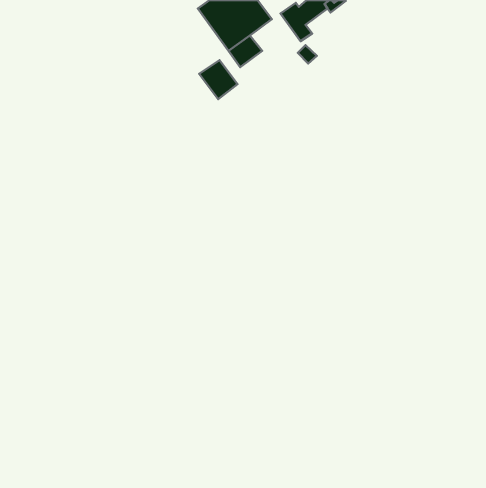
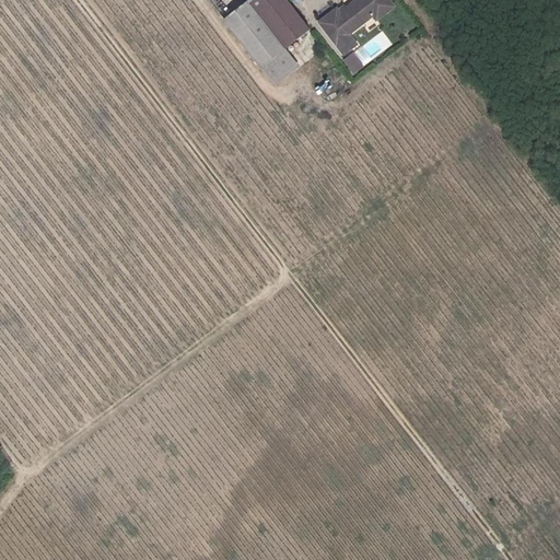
building: [199,60,238,99] -> none

